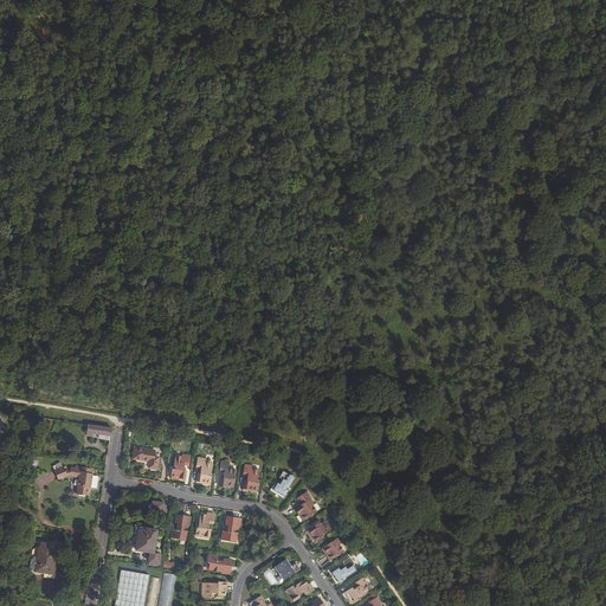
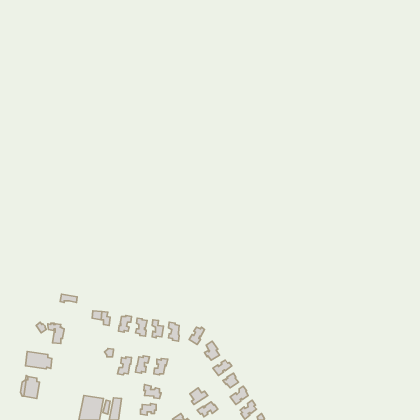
building: none -> [25,351,52,369]
building: [129,526,155,562] -> none

